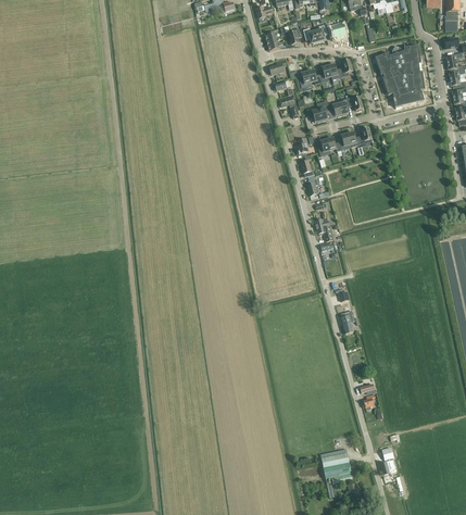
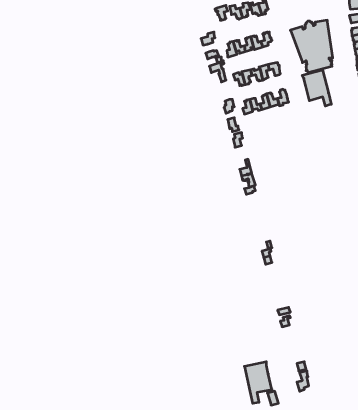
building: none -> [302,70,331,106]

